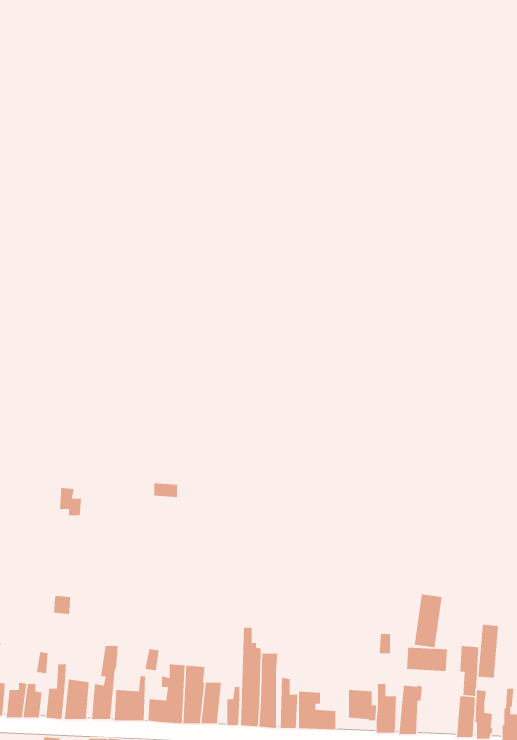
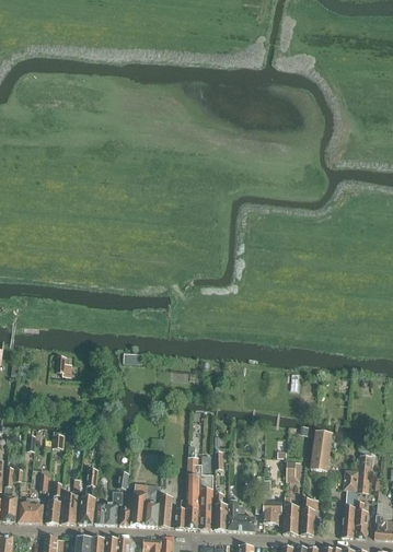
building: [406,647,448,672] -> none

